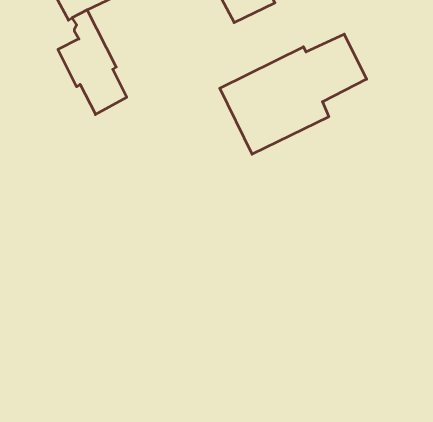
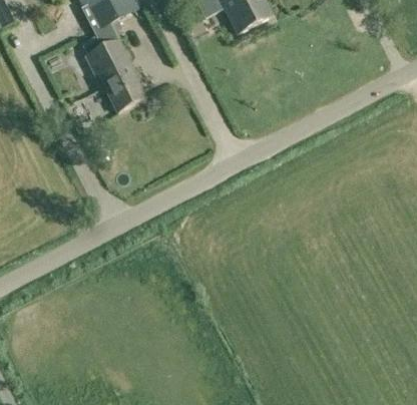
building: [220,34,367,154] -> none

